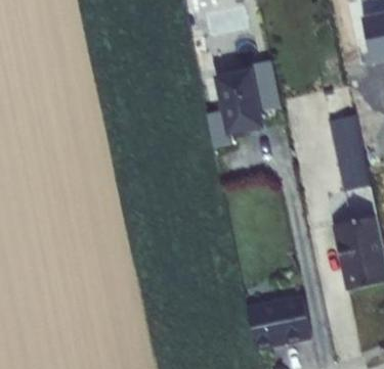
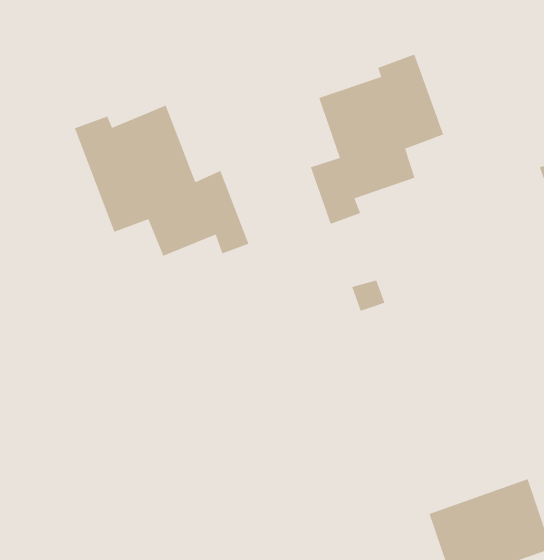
building: none -> [74,104,249,257]

